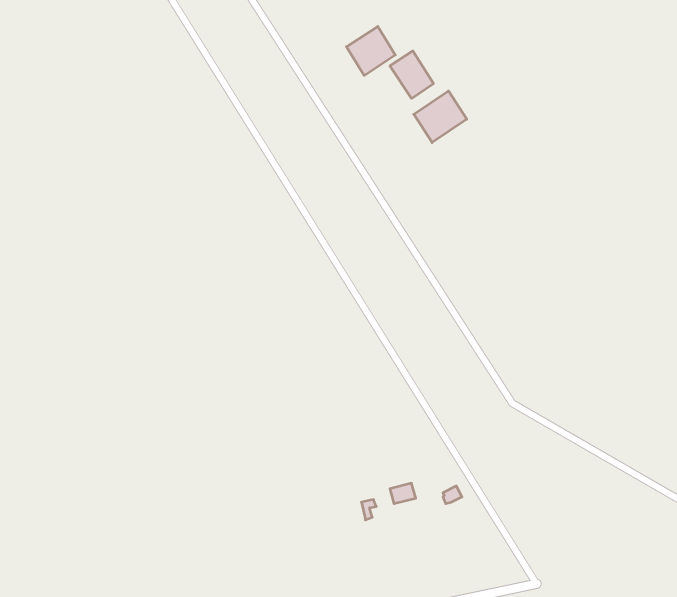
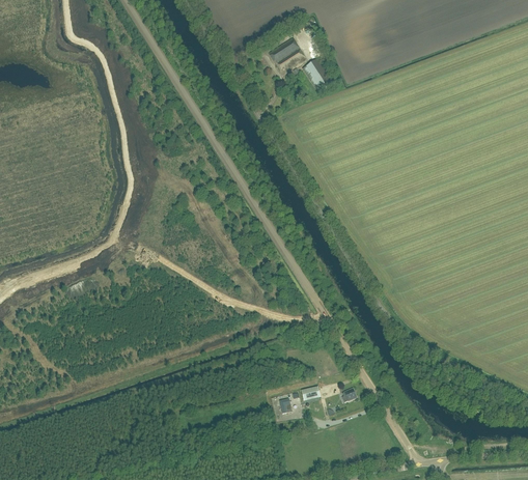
building: [414,91,467,143] -> none

